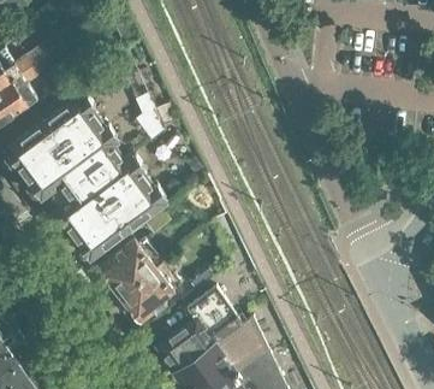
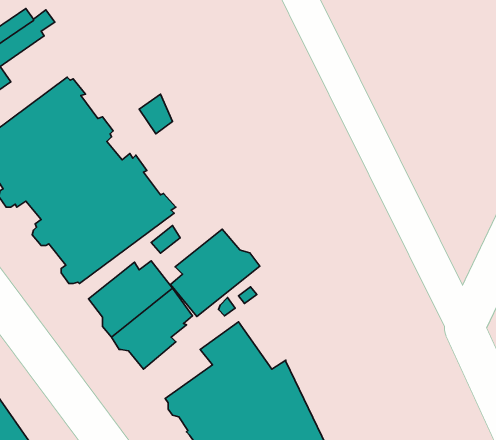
building: none -> [171,229,260,317]

